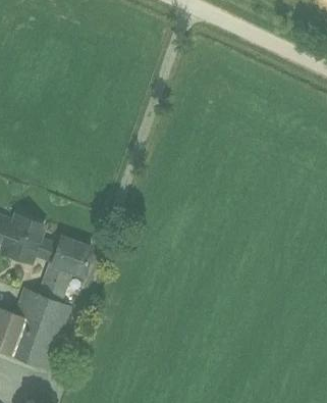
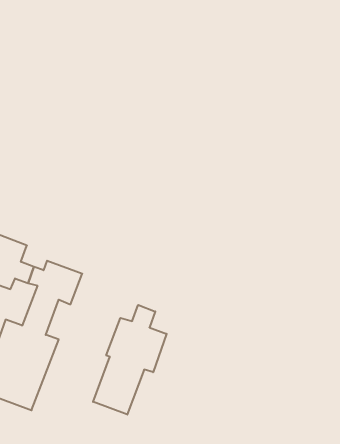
building: none -> [93,305,167,415]

